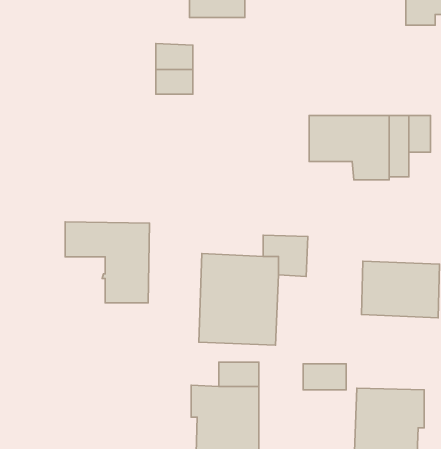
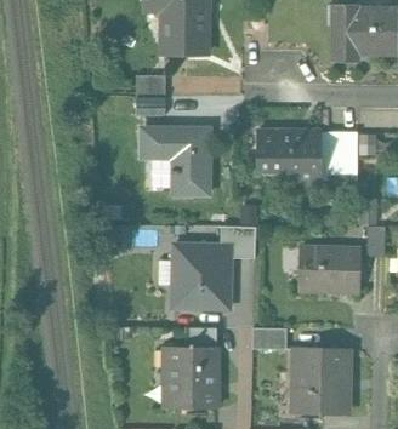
building: [65,222,150,303] -> [142,128,209,193]

